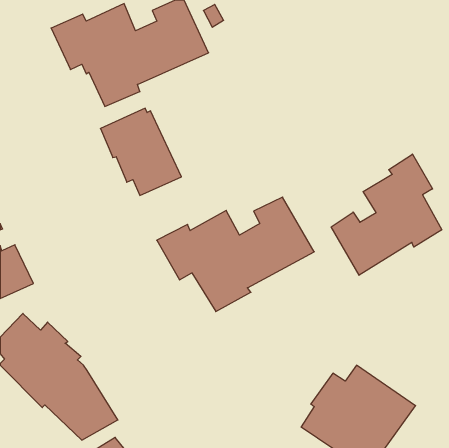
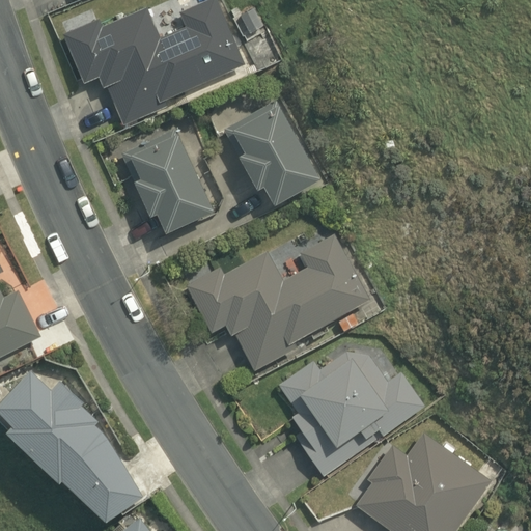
building: none -> [220,101,322,204]
building: [331,154,442,275] -> none
building: none -> [278,348,427,476]

